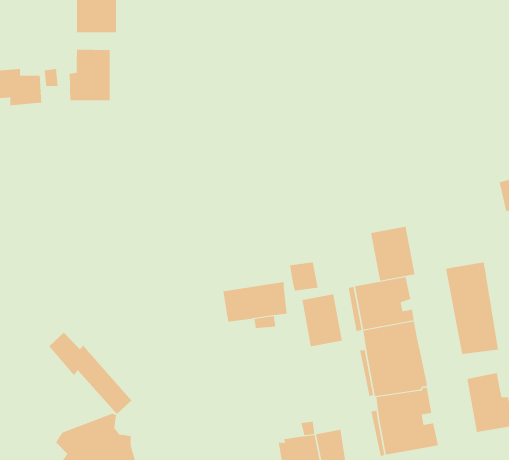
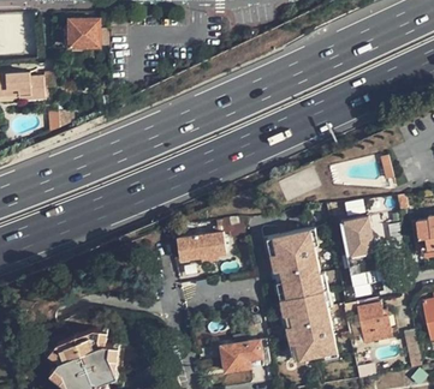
building: [69,49,110,101] -> none
building: [371,226,415,282] -> none
building: [302,294,342,347] -> none
building: [48,332,132,415] -> none

